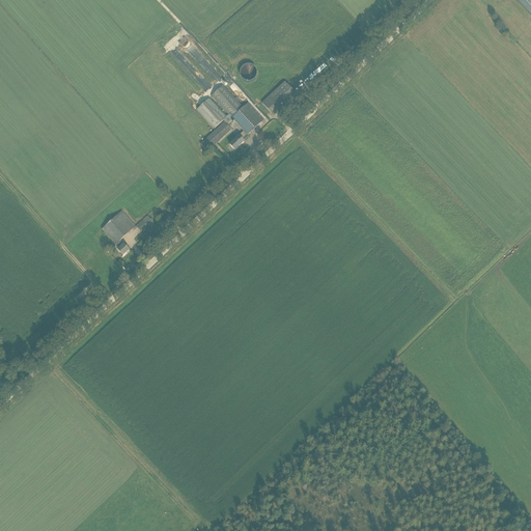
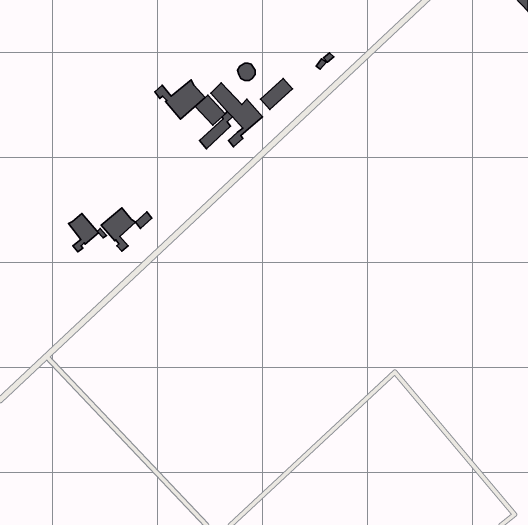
building: none -> [155,80,205,119]
building: none -> [68,213,98,252]

